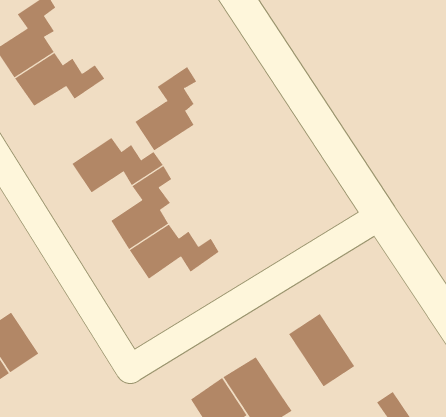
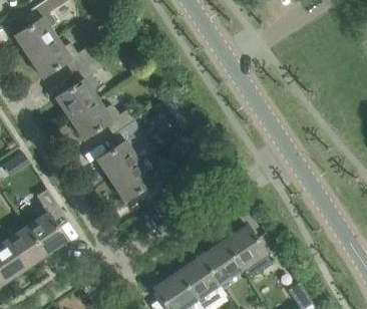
building: [134,66,197,151] -> [54,57,99,118]
building: none -> [25,189,66,255]
building: none -> [201,241,249,284]

